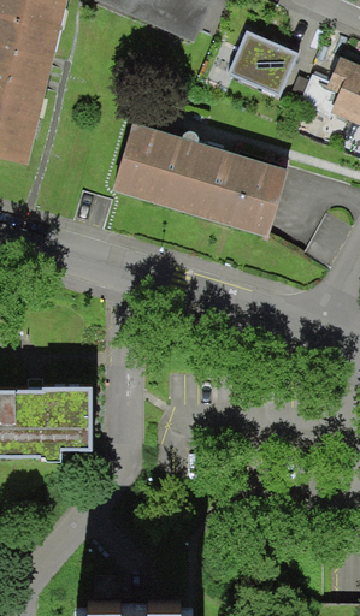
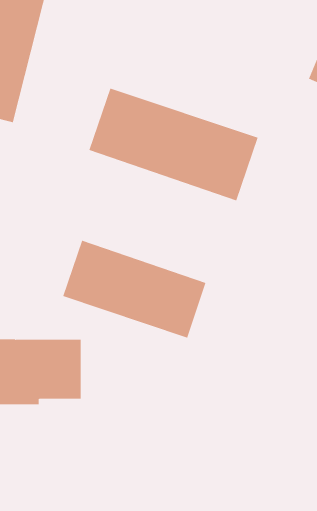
building: [238,36,312,105] -> none
building: none -> [63,240,206,338]

